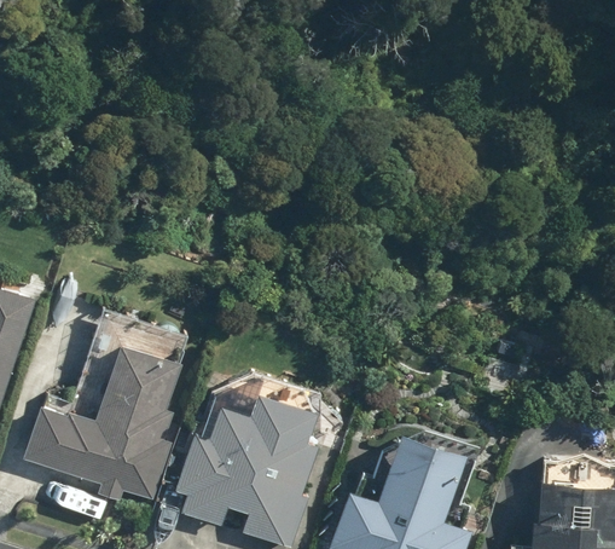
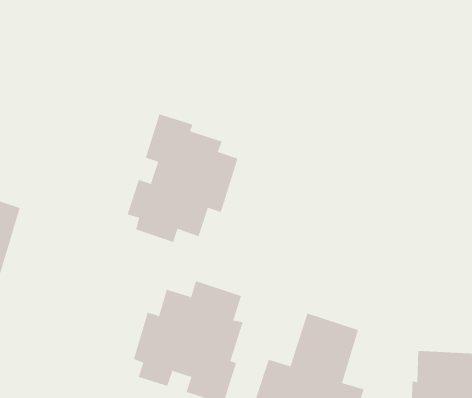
building: none -> [127,113,238,243]
building: [23,311,187,502] -> none

